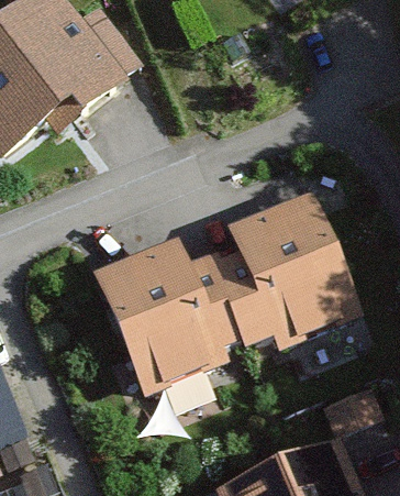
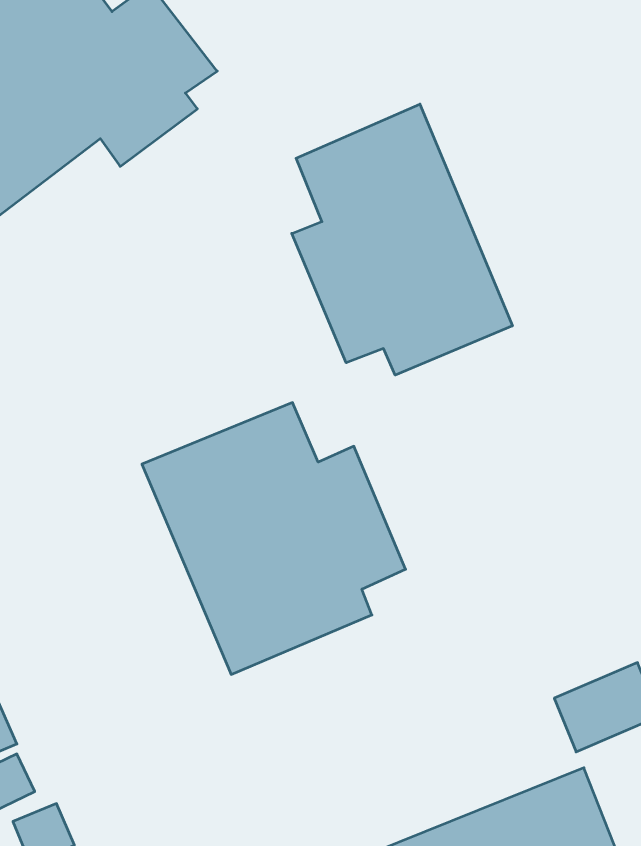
building: none -> [292,104,512,375]
building: [212,198,358,345] -> none

